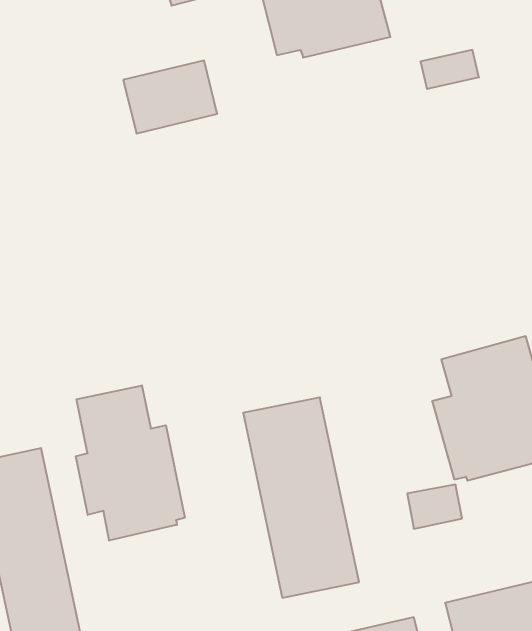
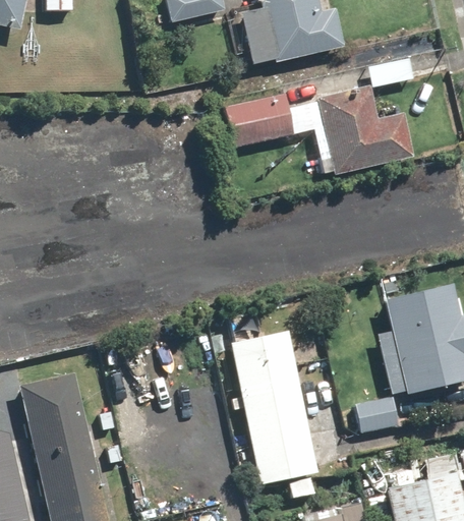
building: [123,60,217,133] -> [223,92,296,149]
building: none -> [317,88,413,173]
building: [76,385,185,541] -> none

